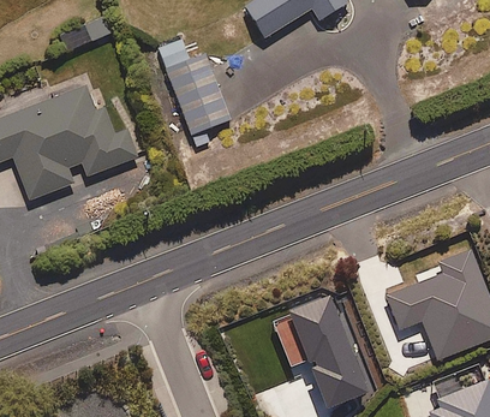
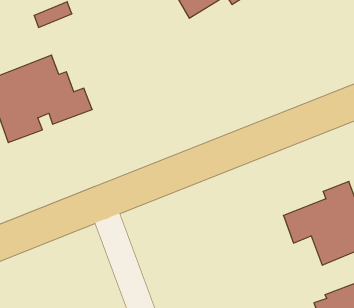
building: [156,38,231,148] -> none
building: [287,296,366,407] -> none

